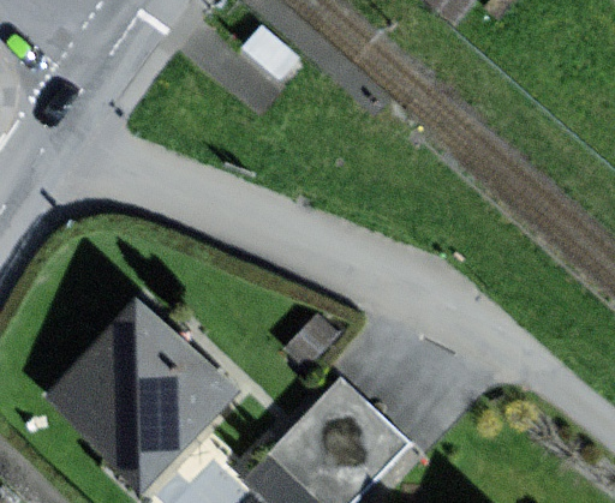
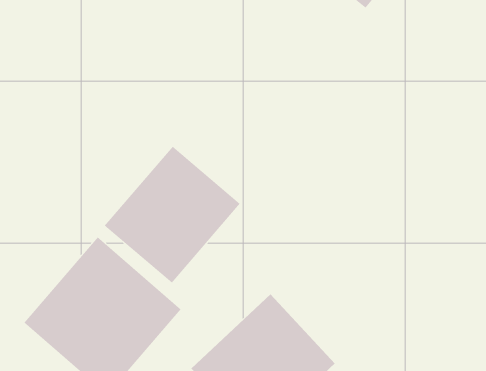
building: none -> [104,146,241,284]

